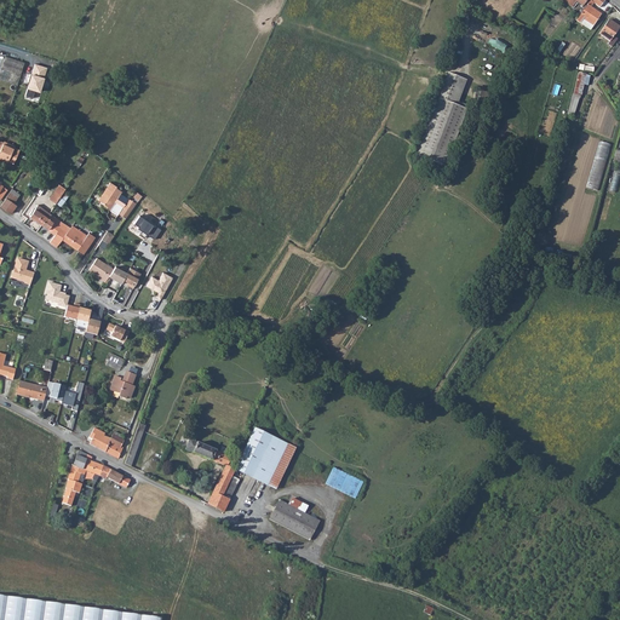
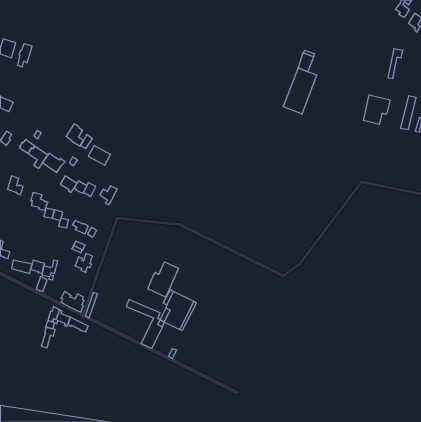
building: none -> [363,95,390,124]
building: none -> [148,262,178,297]
building: [270,500,321,540] -> none

